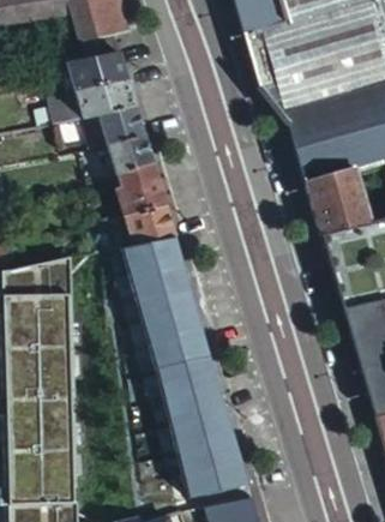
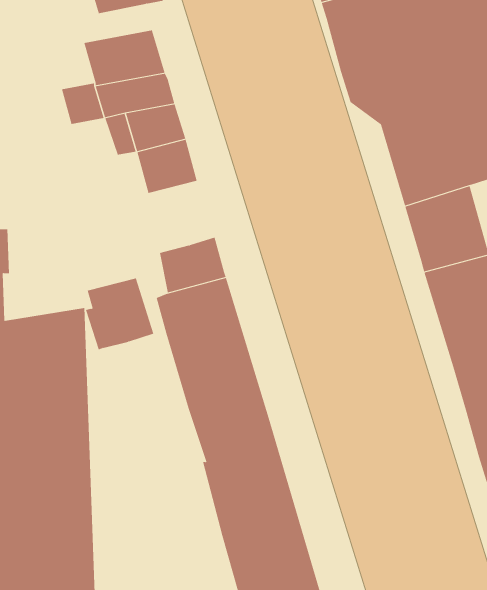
building: [116,166,168,220] -> [85,278,154,350]

